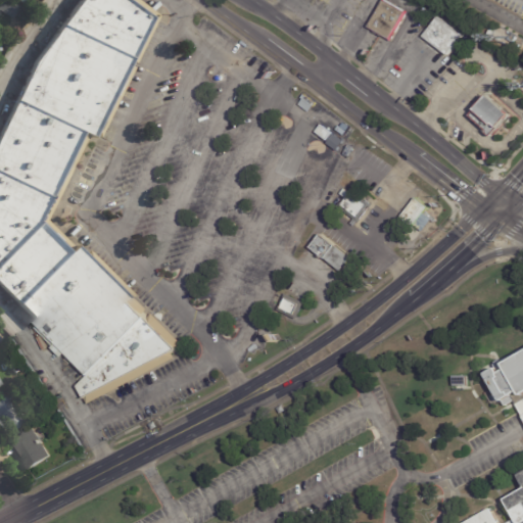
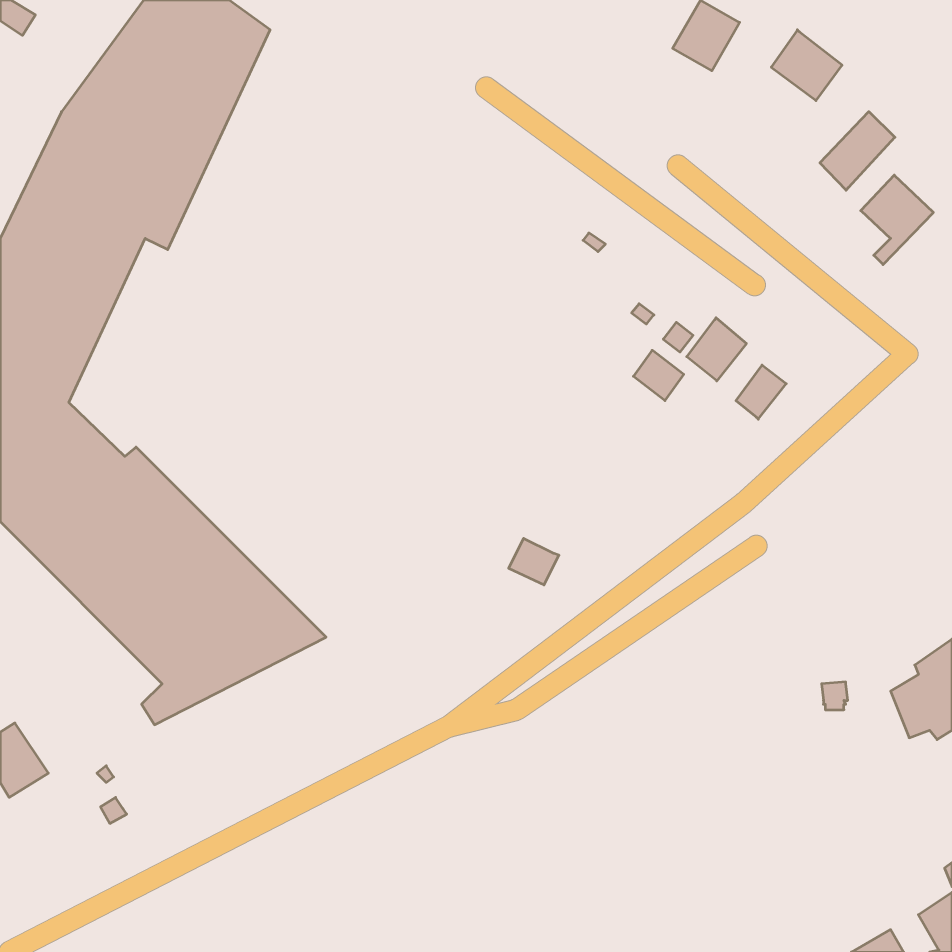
building: none -> [820,112,895,190]
building: none -> [687,318,746,381]
building: [313,235,353,272] -> none
building: [9,428,51,473] -> none

